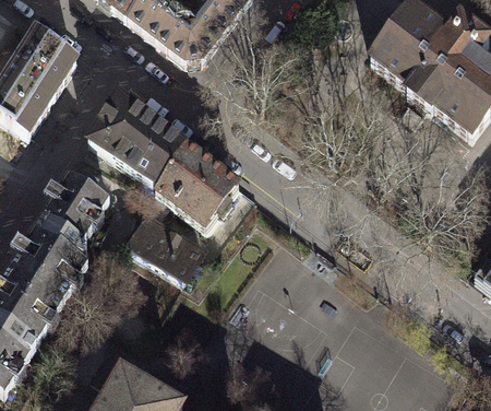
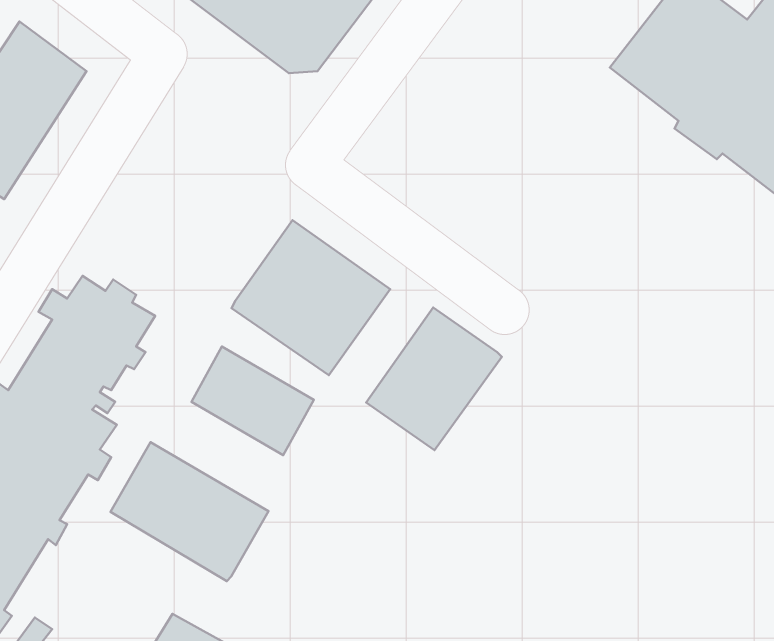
building: [84,92,188,187] -> none
building: none -> [366,308,502,450]
building: none -> [110,442,269,581]

